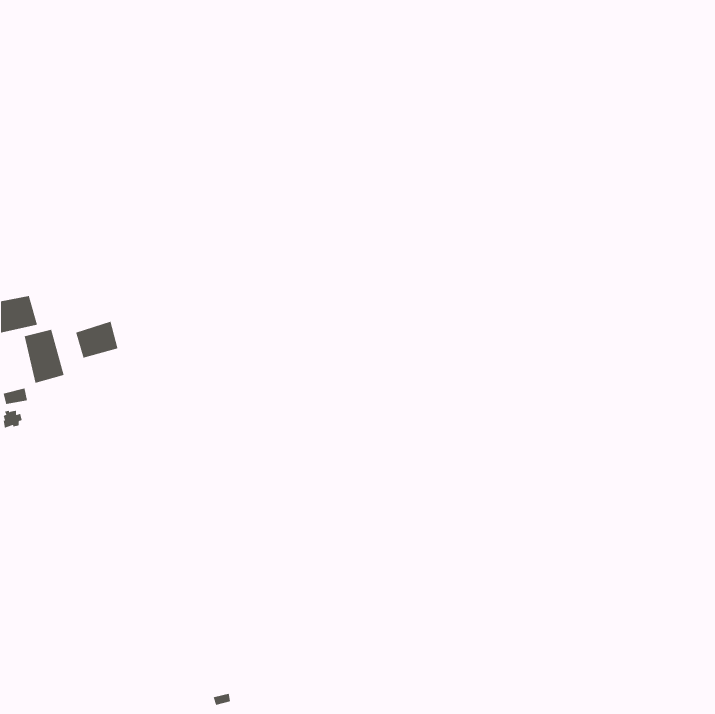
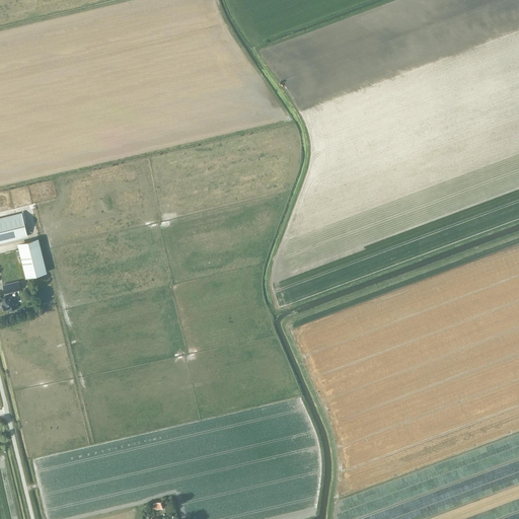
building: [76,321,118,358] -> none

